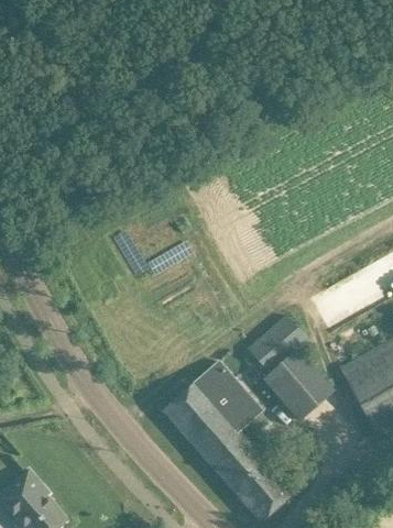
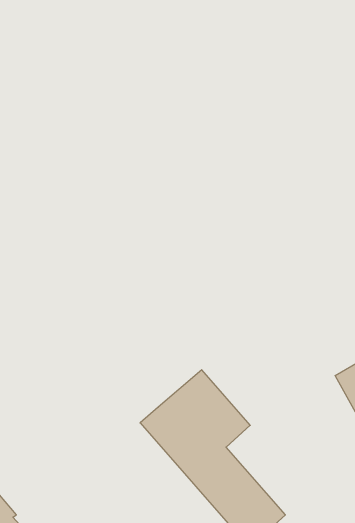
building: [248,314,336,420] -> none

